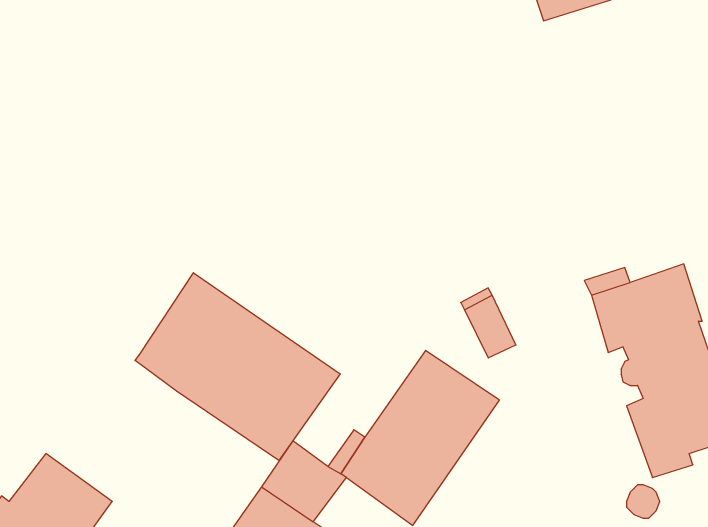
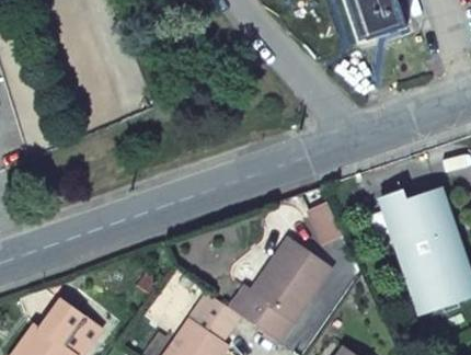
building: [135,273,340,461] -> none

